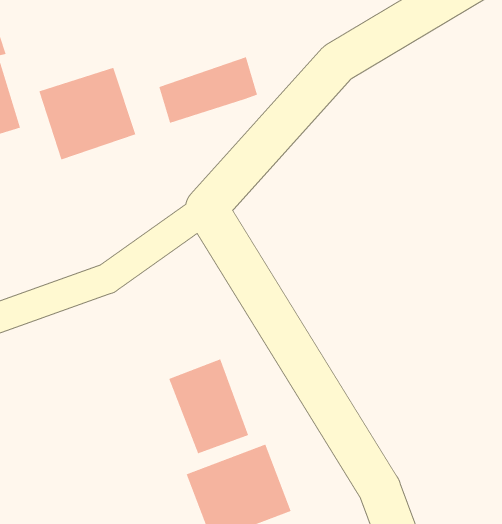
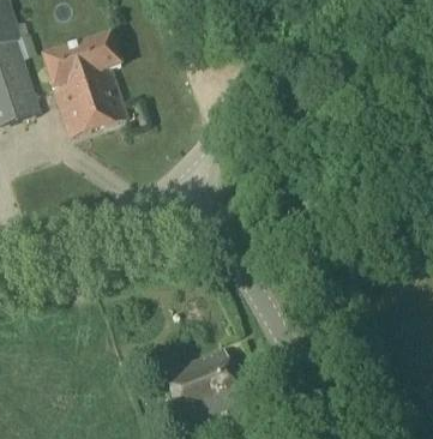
building: [158,56,258,124] -> [44,34,119,84]
building: [169,359,249,454] -> none

